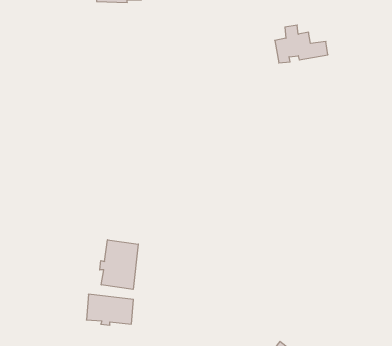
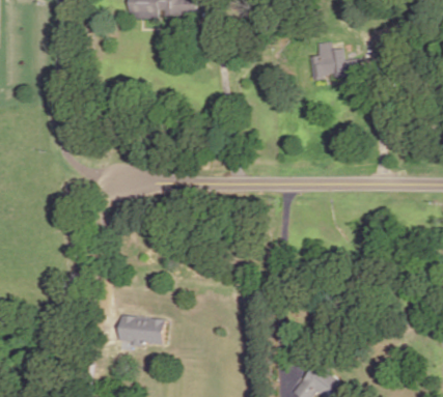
building: [100,240,138,289] -> none

